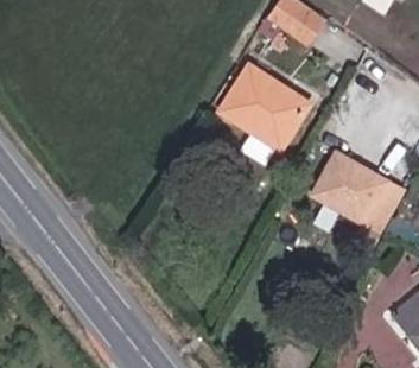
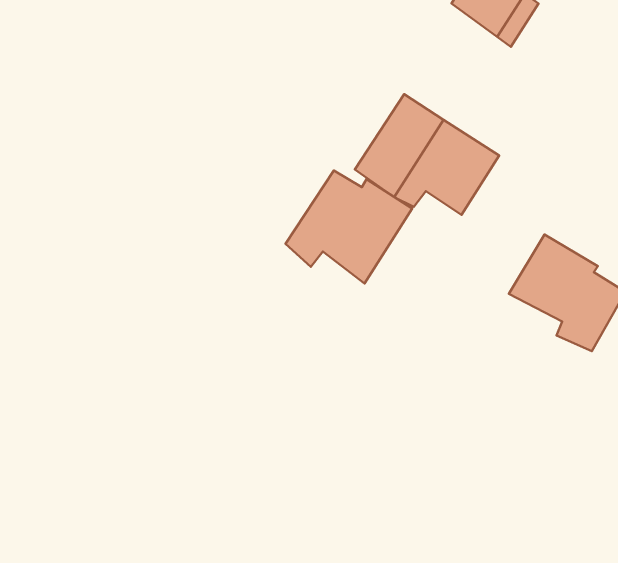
building: none -> [286,171,412,284]

